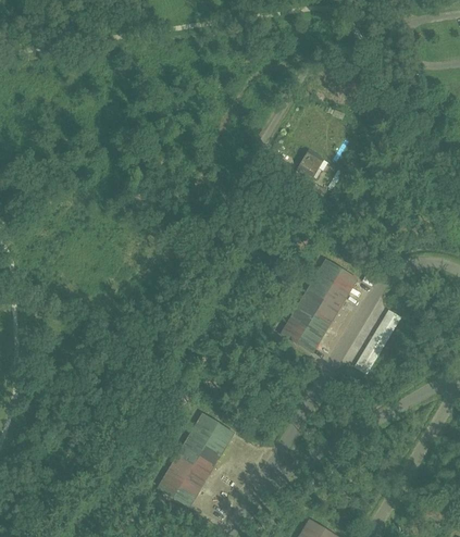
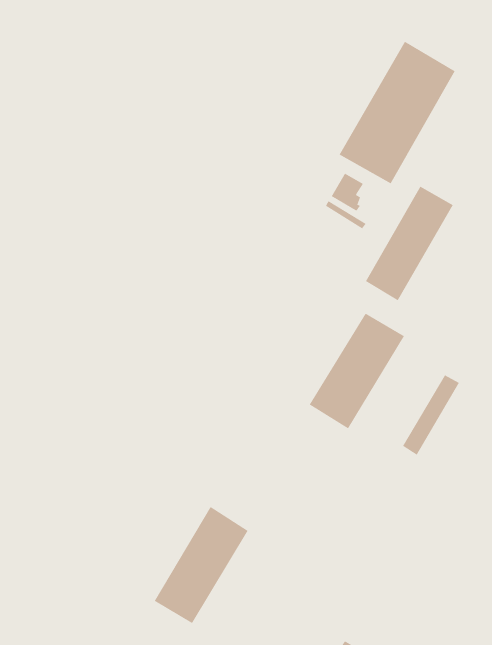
building: none -> [339,41,455,184]
building: none -> [365,186,454,301]

